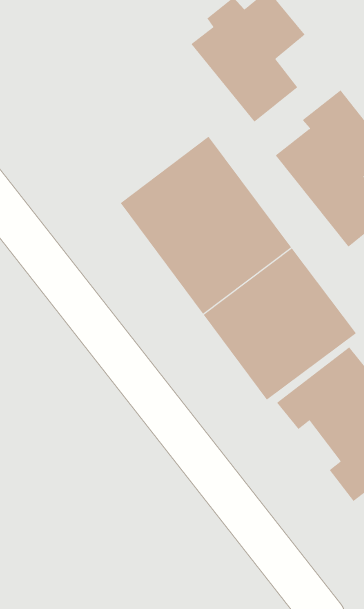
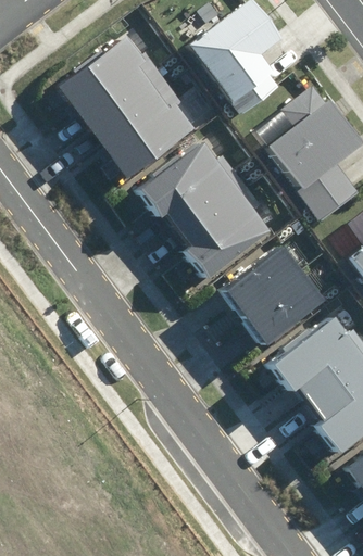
building: none -> [57,34,197,178]

